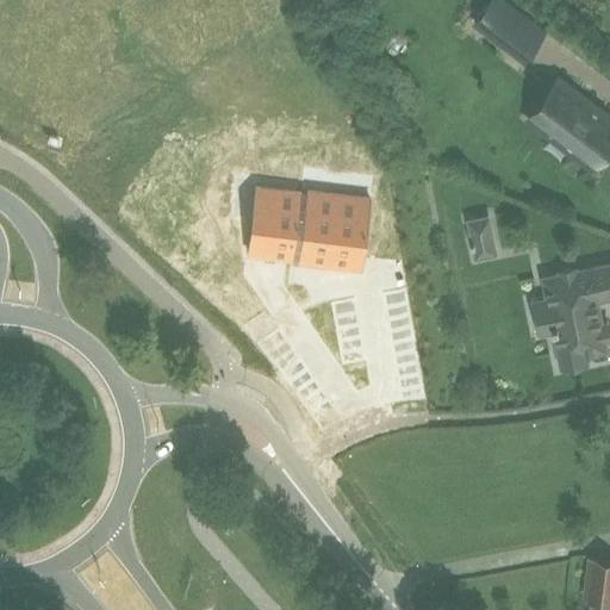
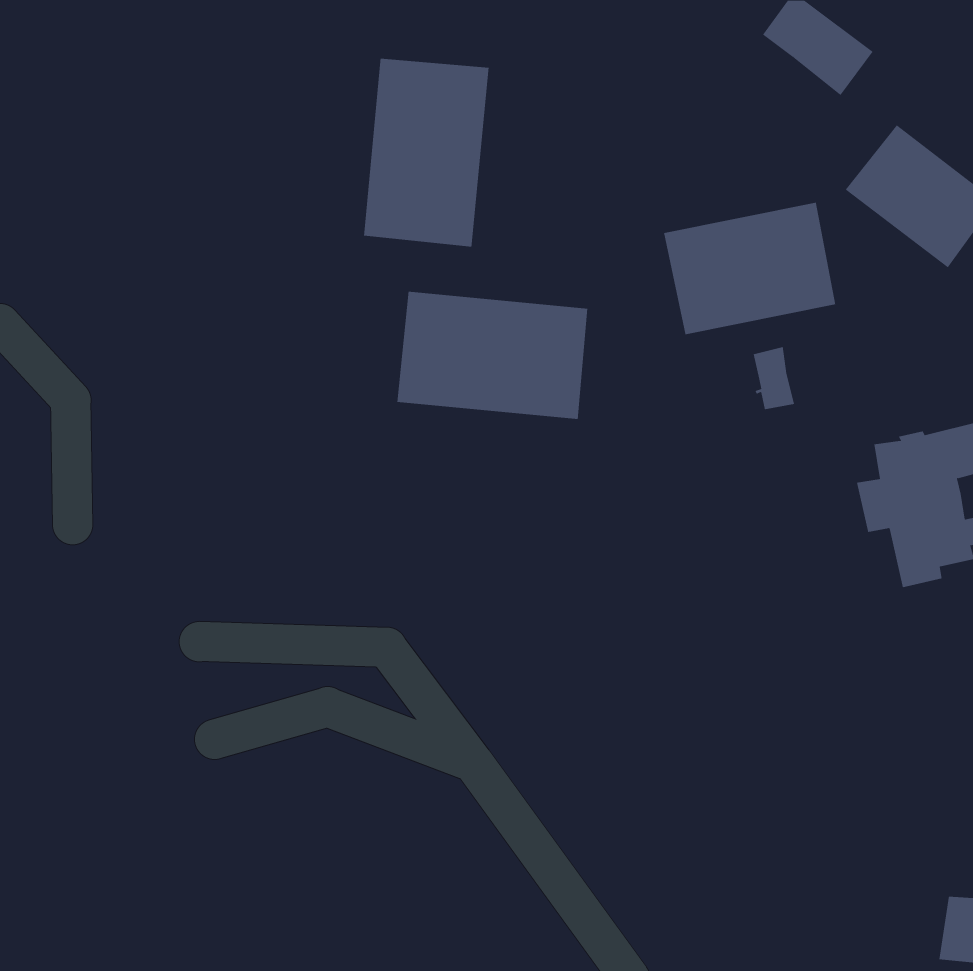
building: none -> [364,58,489,247]
building: none -> [664,202,836,335]

